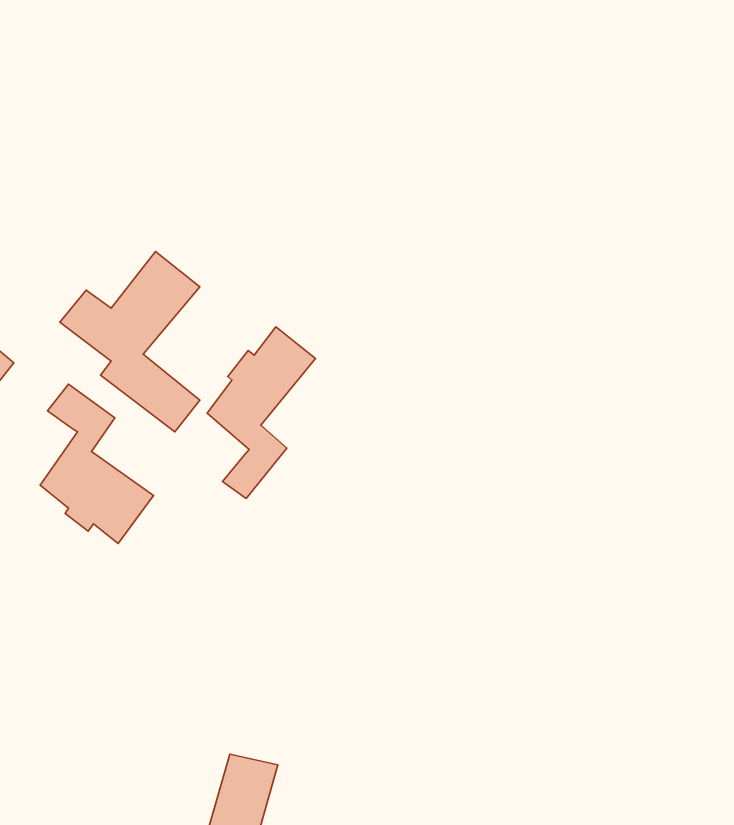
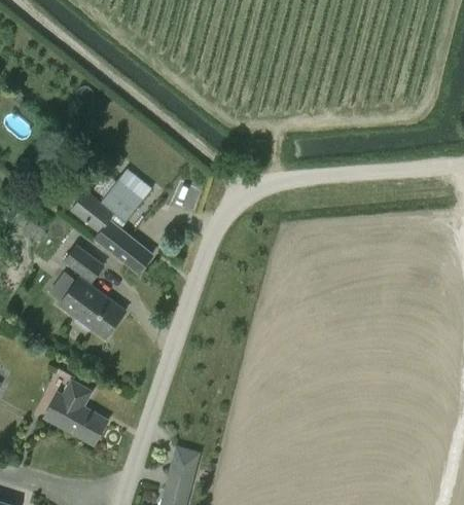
building: [207,327,315,498] -> none
building: none -> [45,382,105,443]

